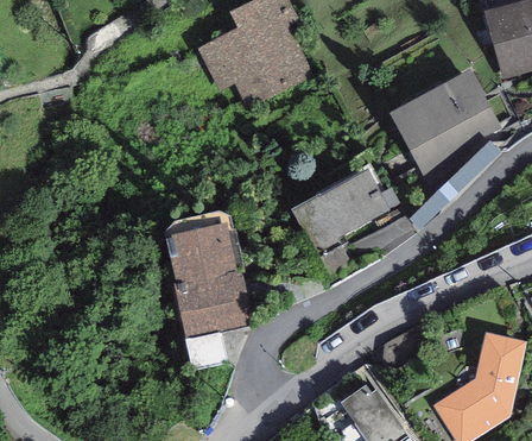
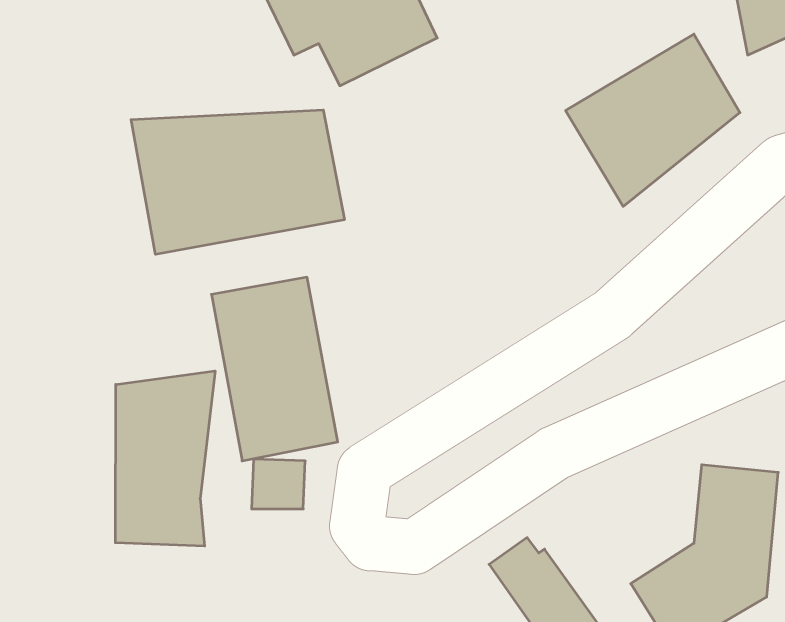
building: none -> [131,110,344,254]
building: [272,169,394,267] -> none
building: none -> [115,371,215,546]

